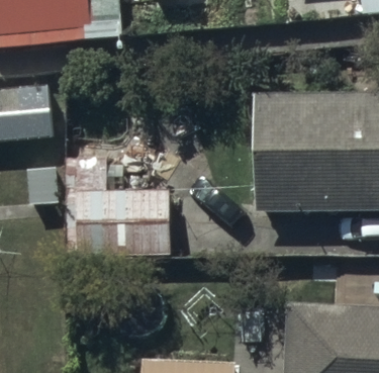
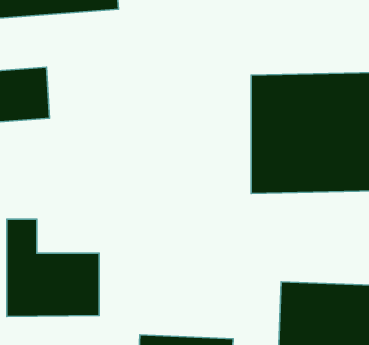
building: [76,157,169,255] -> [7,219,99,316]

